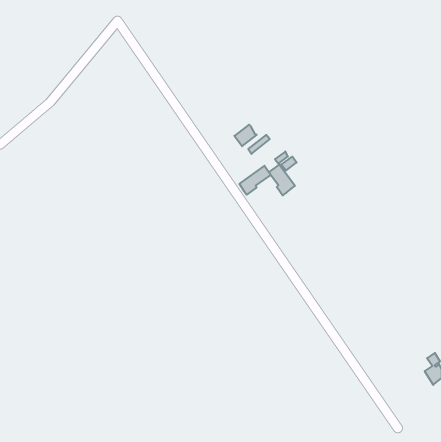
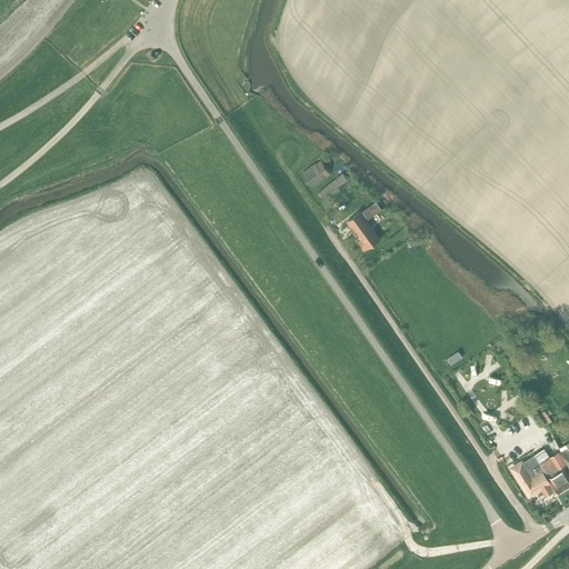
building: [240,166,271,195] -> none
building: none -> [512,455,551,496]

